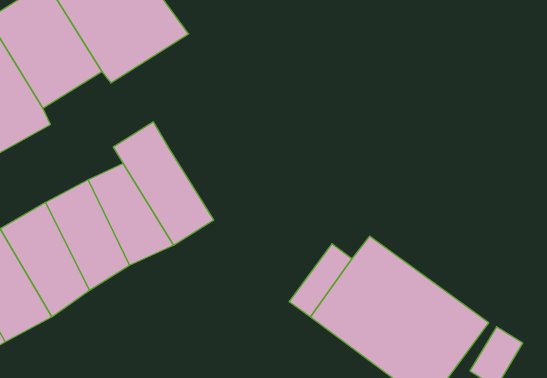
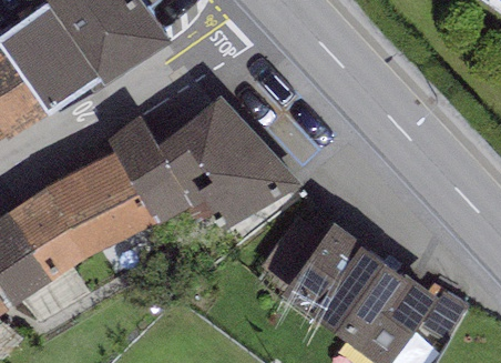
building: none -> [154,94,299,236]

